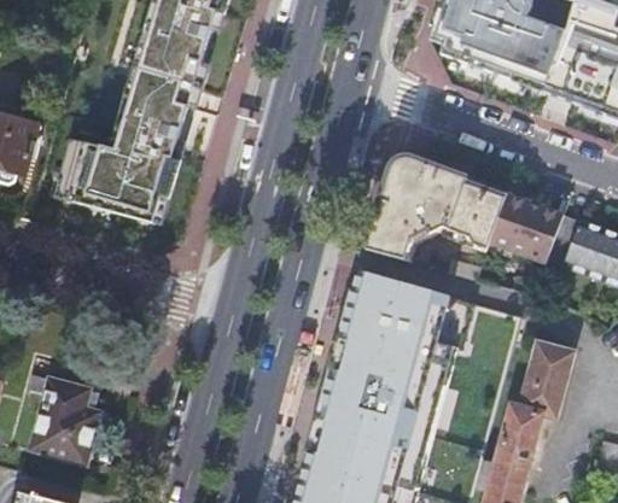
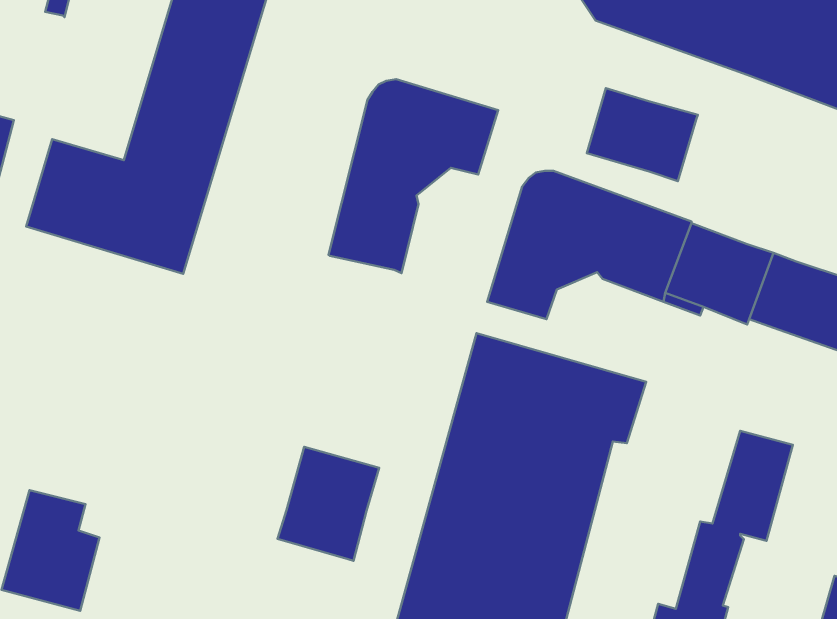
building: none -> [328,79,498,273]
building: none -> [587,88,698,181]
building: none -> [277,447,379,561]

